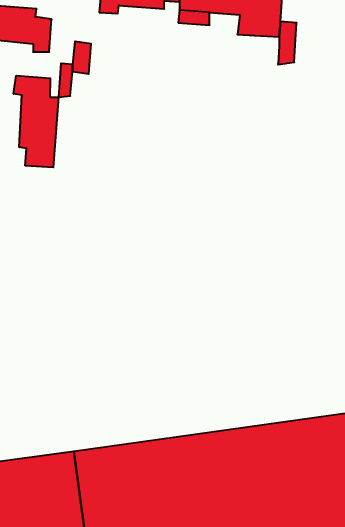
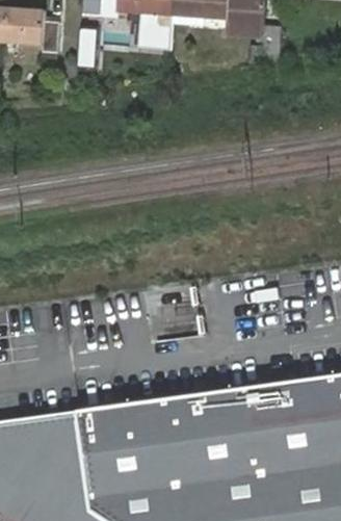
building: [14,76,59,167] -> none

